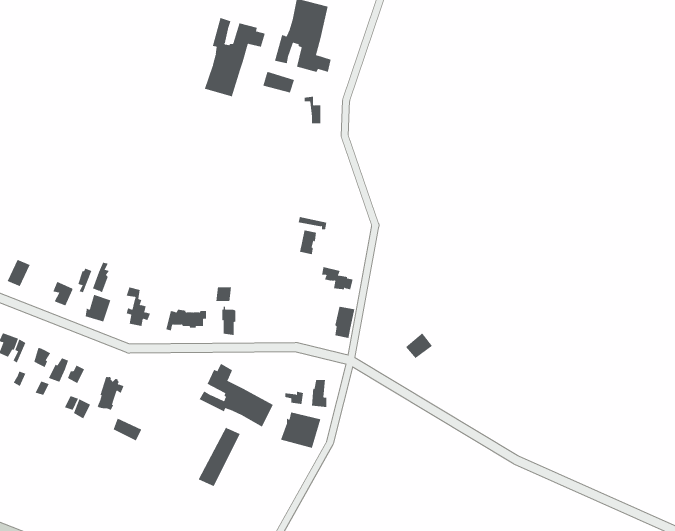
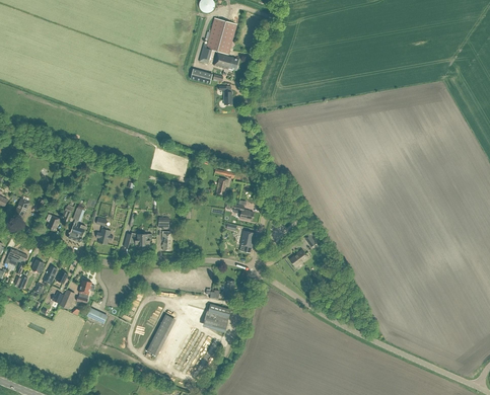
building: [204,17,266,97] -> none
building: [199,363,274,427] -> none

